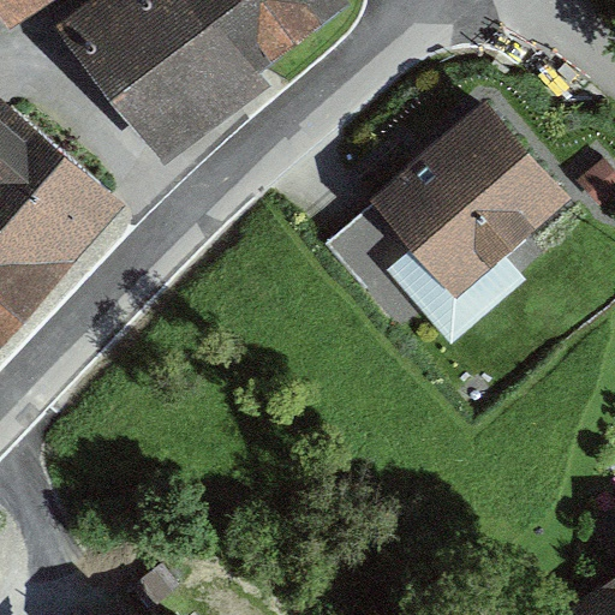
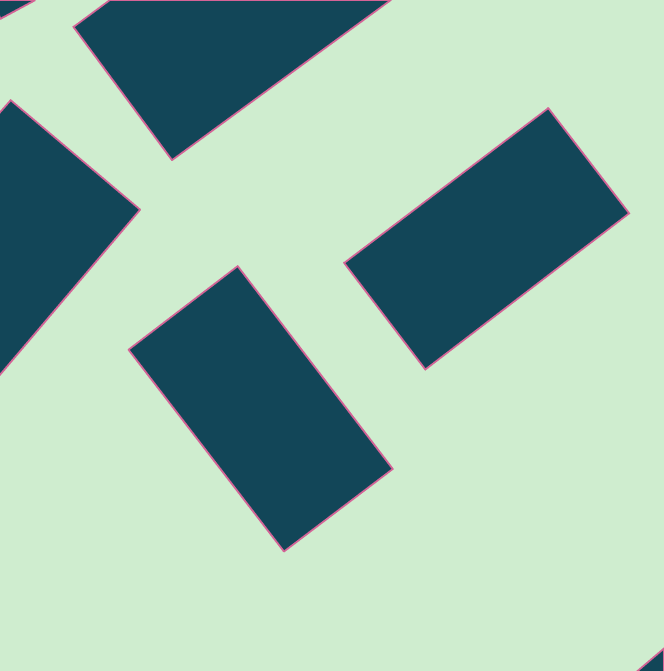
building: none -> [129,266,393,551]

